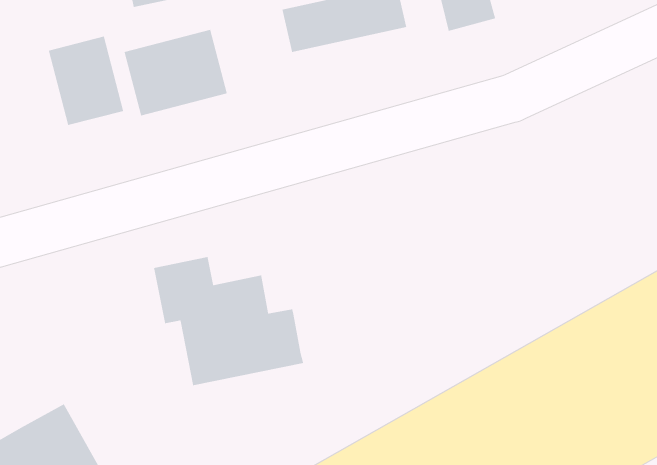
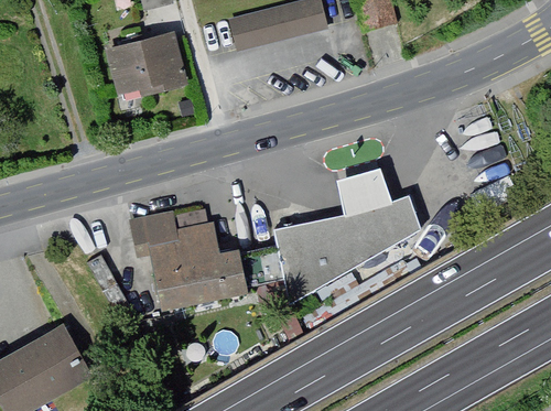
building: [48,36,124,126] -> none
building: none -> [239,167,421,303]

